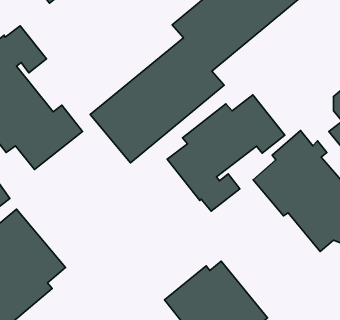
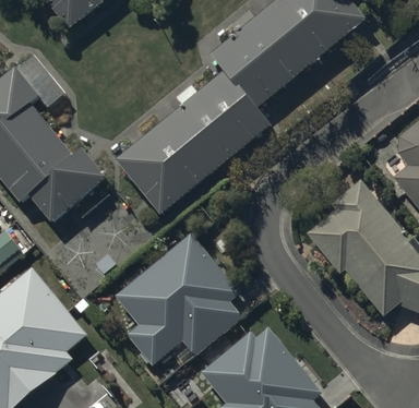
building: [167,95,285,211] -> none
building: none -> [115,235,239,365]

